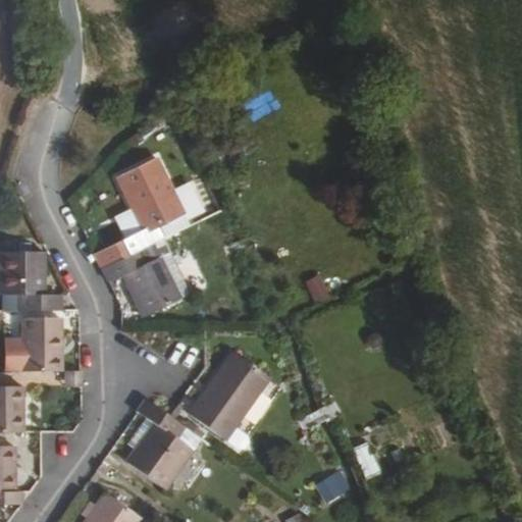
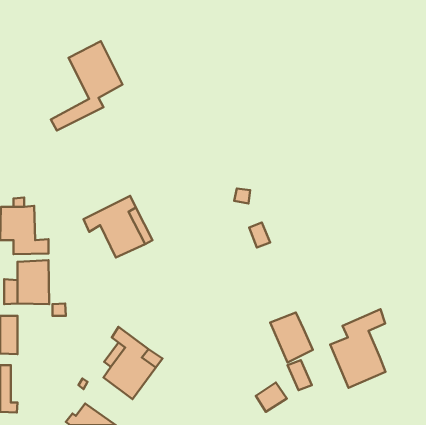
building: [95,159,182,268] -> [51,41,123,130]
building: [189,354,269,440] -> none
building: none -> [330,309,386,388]
building: none -> [270,312,313,362]

